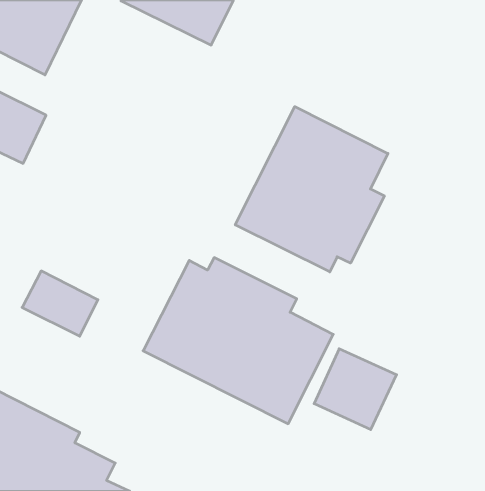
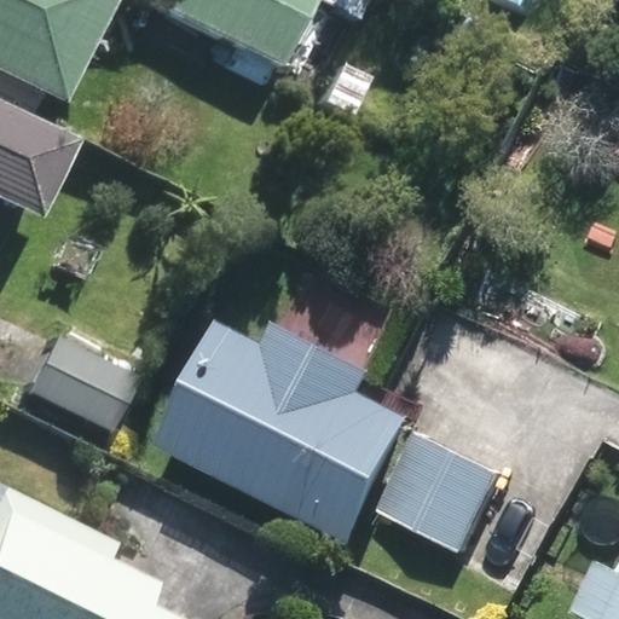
building: [235,107,388,272] -> none

